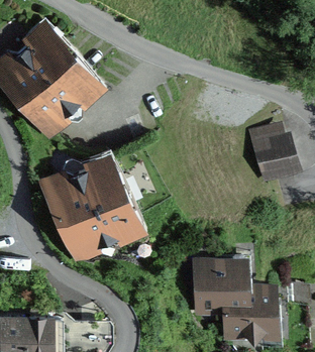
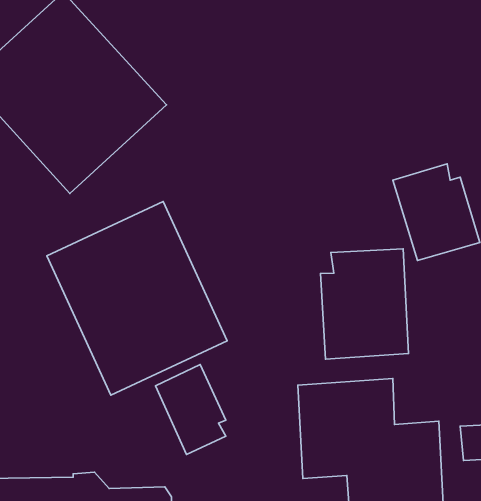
building: none -> [321,249,408,359]
building: none -> [155,365,226,454]

